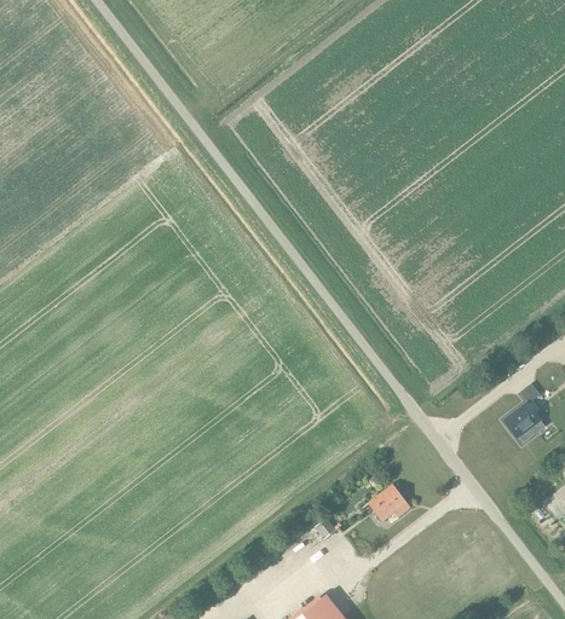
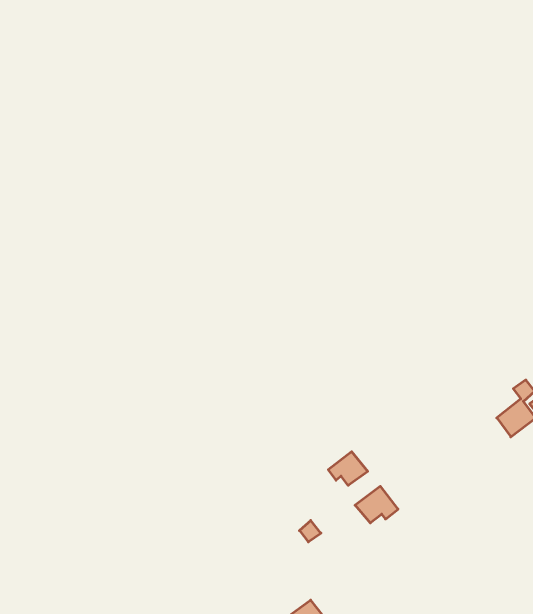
building: none -> [328,452,368,485]

